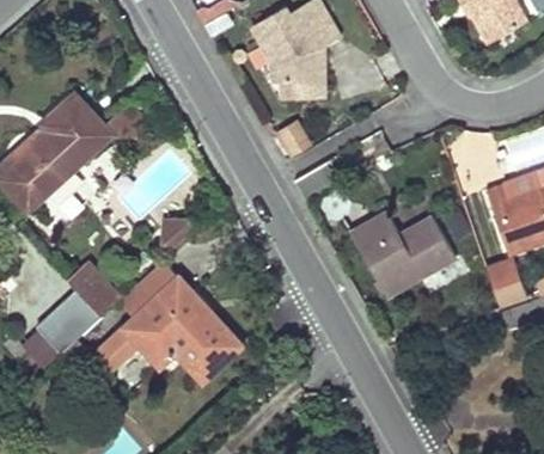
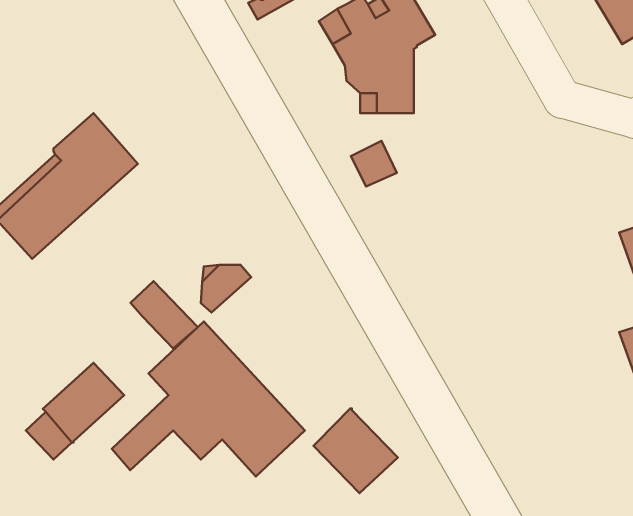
building: [348,210,456,296] -> none
building: [66,264,118,317] -> [130,281,198,349]
building: none -> [313,409,398,493]

